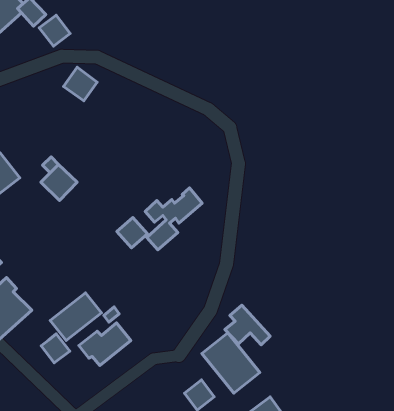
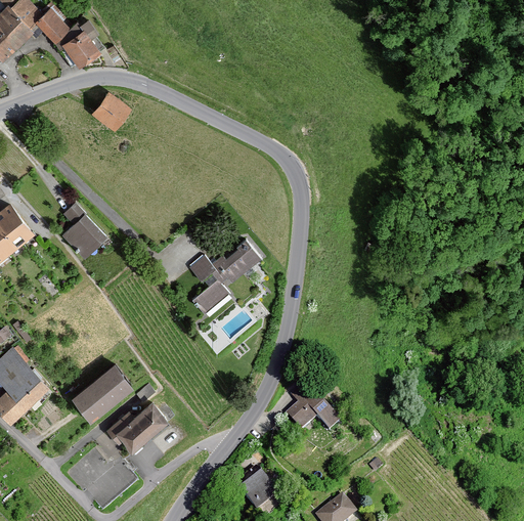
building: [117,217,148,248] -> none
building: [202,333,260,393] -> none
building: [41,334,70,363] -> none

